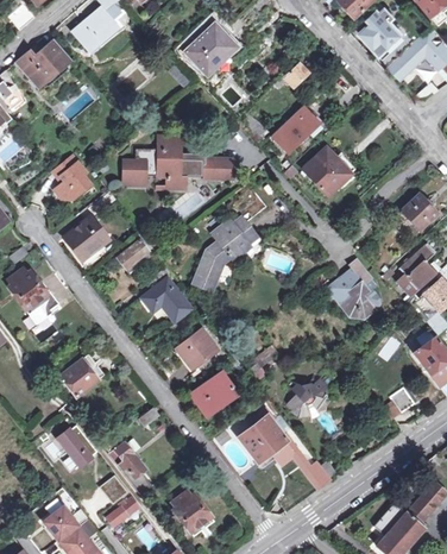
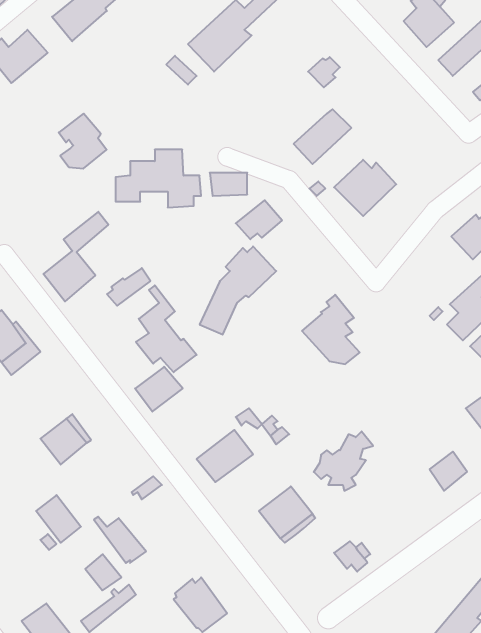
building: [51,156,90,201] -> [59,114,107,169]
building: [327,259,374,316] -> [302,295,360,364]
building: [176,333,215,370] -> [135,367,183,412]

